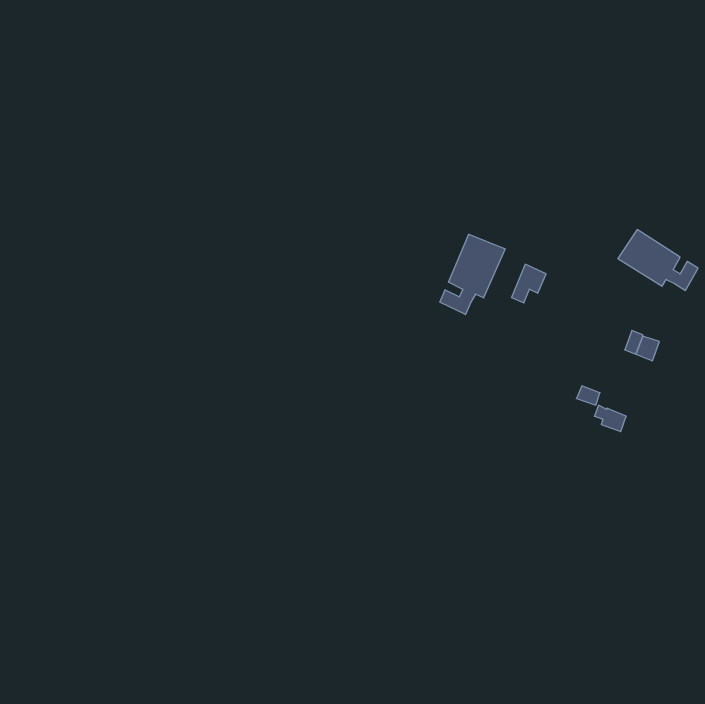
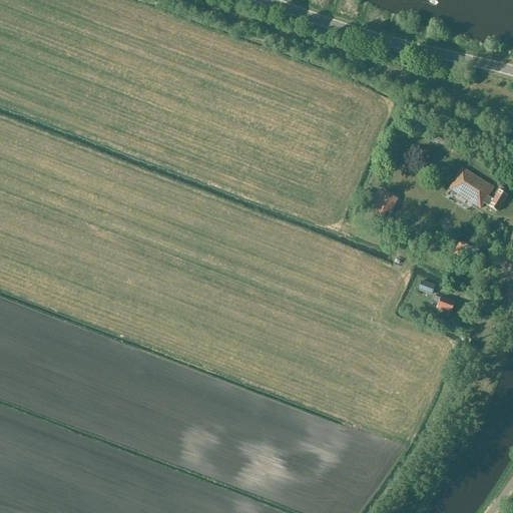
building: [440,234,505,315] -> none

